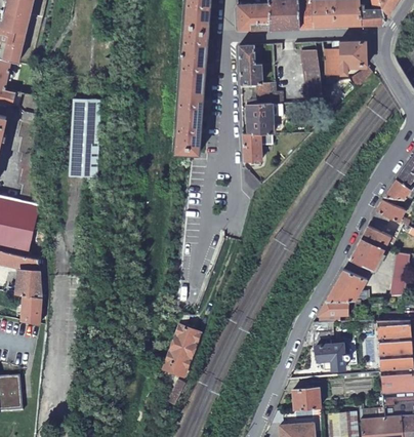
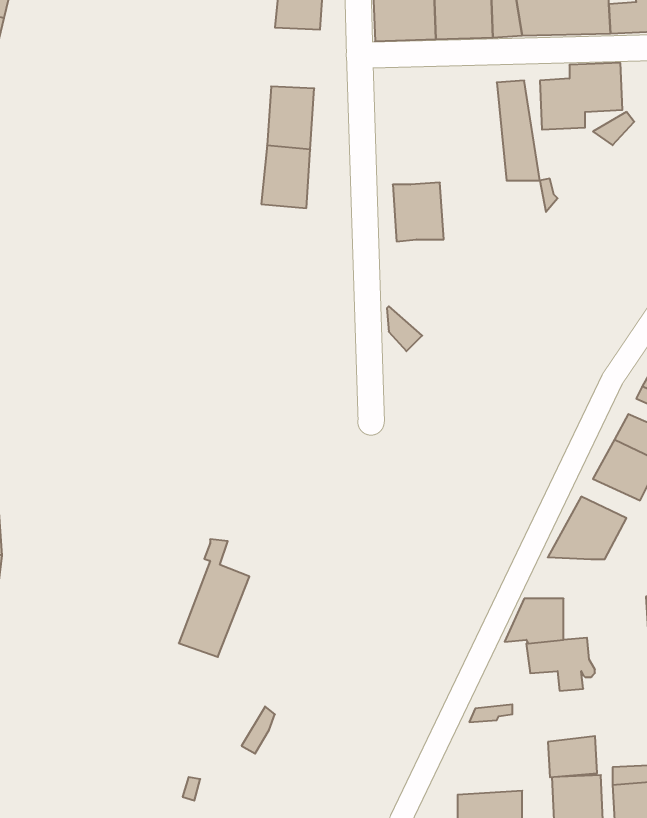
building: [182,23,208,54] -> none
building: [238,45,280,105] -> none
building: [66,97,96,176] -> none
building: [175,115,201,153] -> none
building: [242,133,259,163] -> none
building: [318,300,349,316] -> none
building: [163,312,200,373] -> [179,539,249,657]
building: [294,387,320,408] -> [548,736,597,777]

